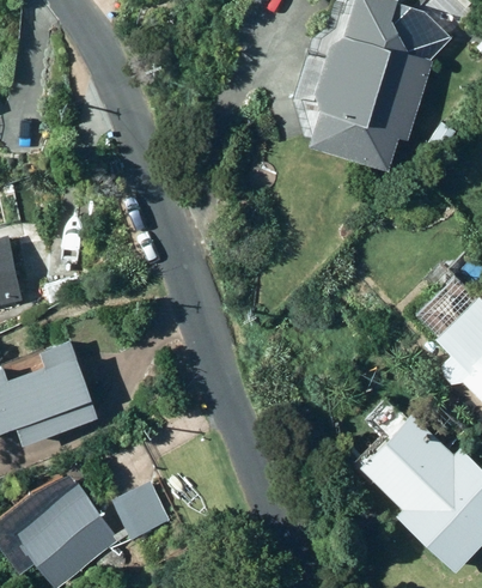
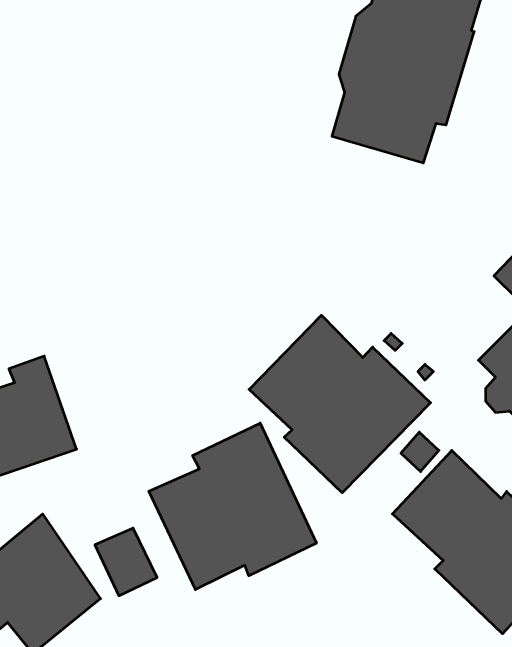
building: none -> [249,315,431,493]
building: none -> [149,423,316,590]

